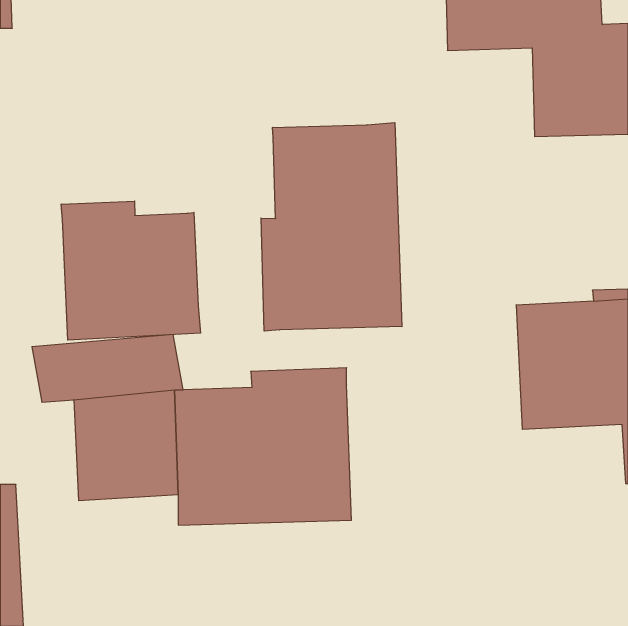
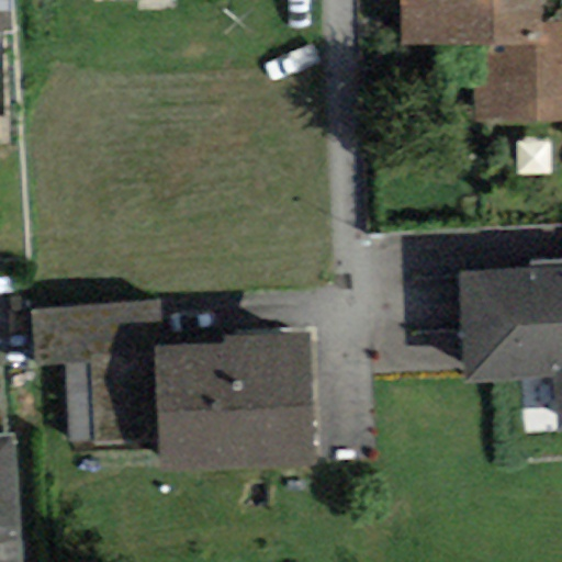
building: [261,123,402,331] -> none
building: [61,201,200,340] -> none

